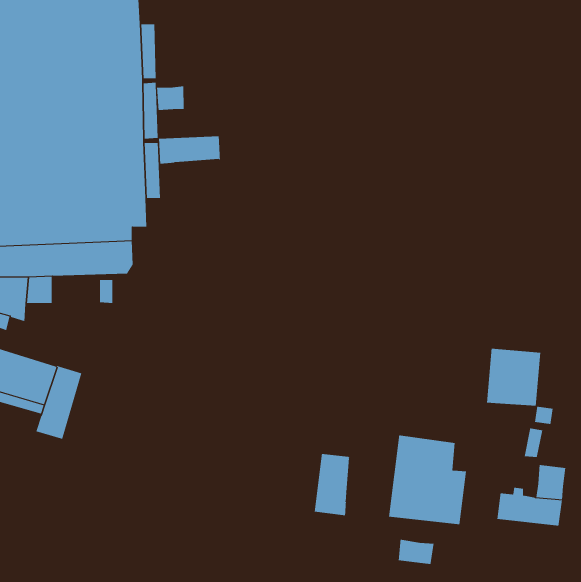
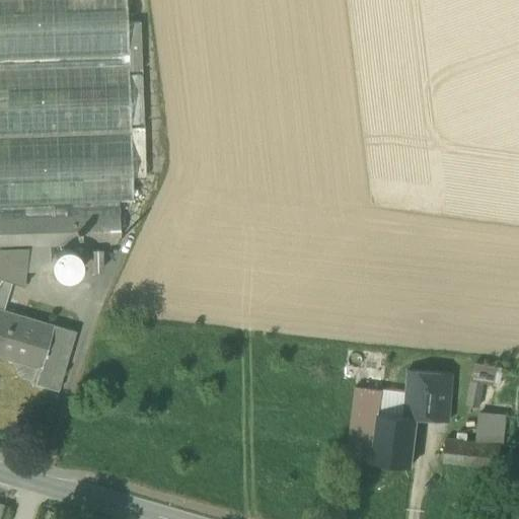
building: [157,86,184,111] -> none
building: [159,136,221,165] -> none
building: [486,348,541,406] -> [402,369,451,421]
building: [314,453,352,516] -> none
building: [398,539,434,565] -> none

